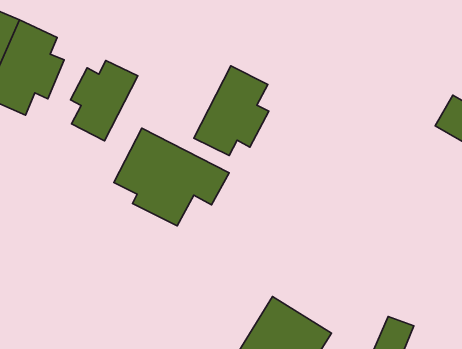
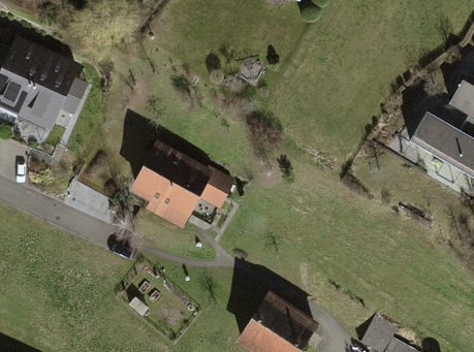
building: [70,60,138,141] -> none
building: [194,66,269,155] -> none

